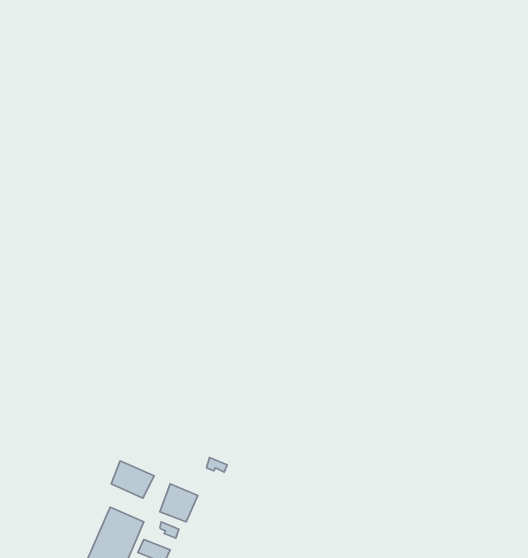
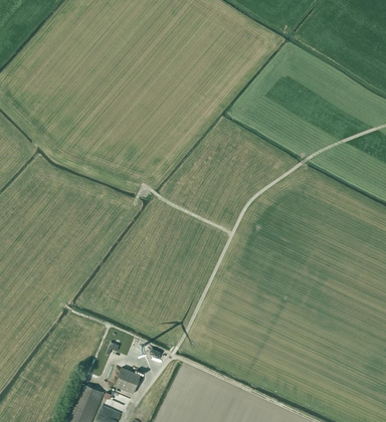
building: [111,461,154,498] -> none

